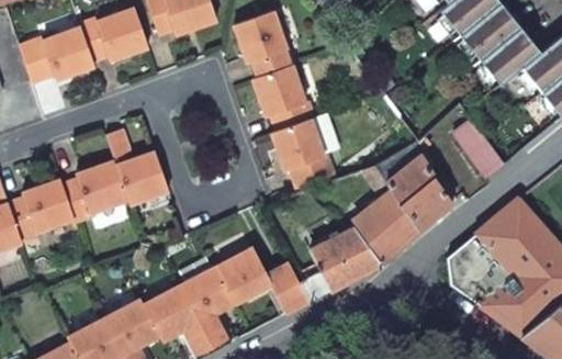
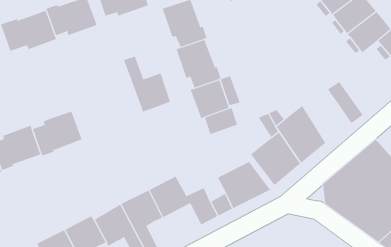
building: [104,128,168,204] -> [123,56,171,113]

